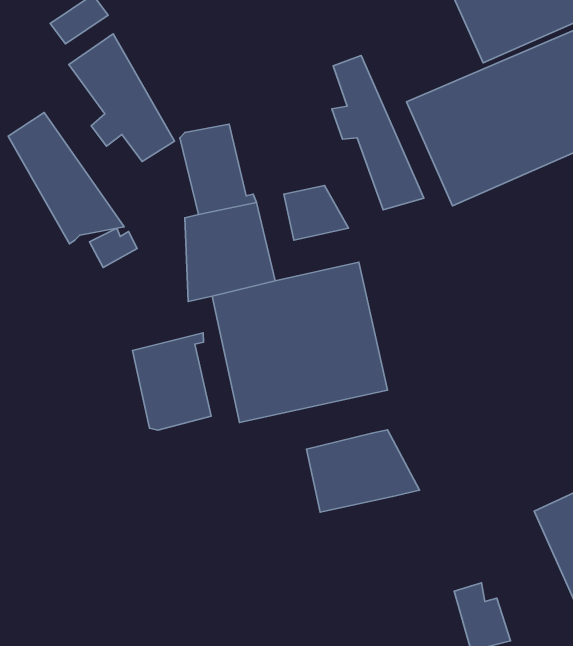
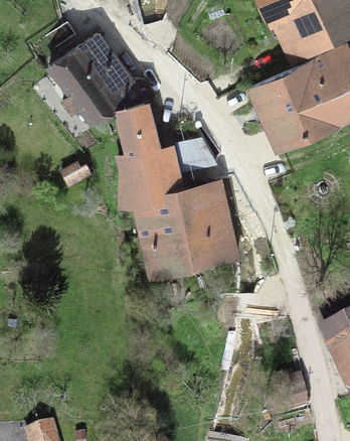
building: [332,56,424,210] -> none
building: [8,112,124,244] -> [74,31,143,109]
building: [132,333,211,430] -> none
building: [307,430,419,512] -> none

